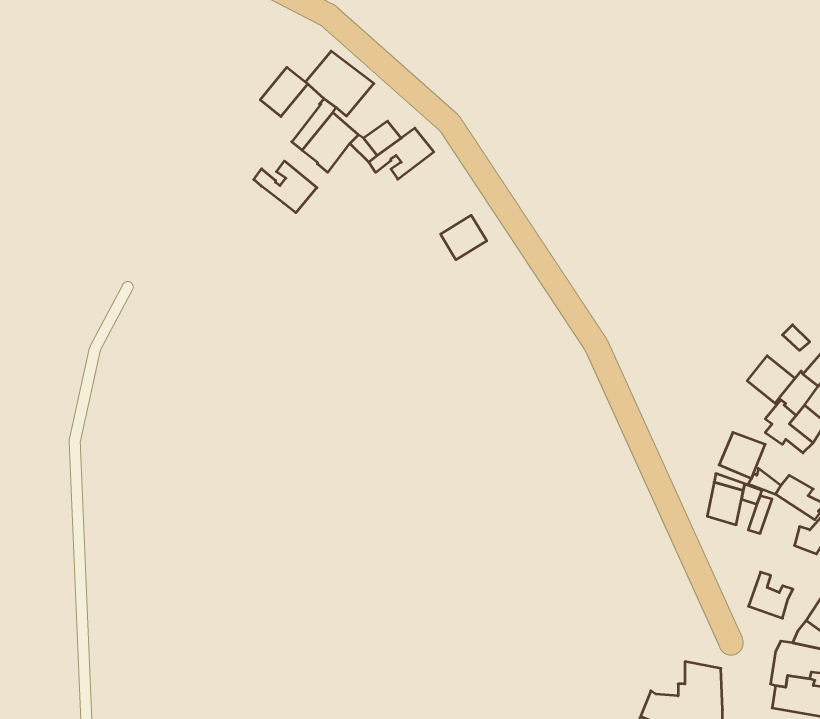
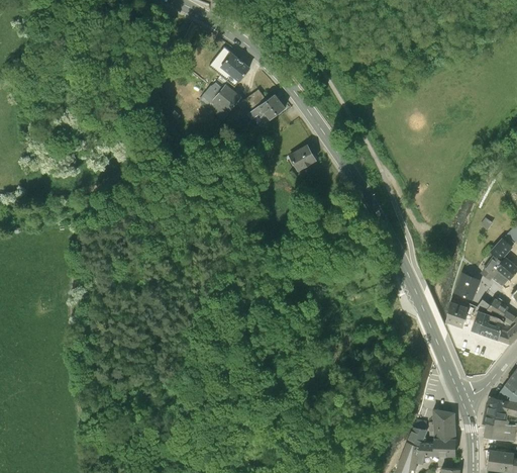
building: [260,67,308,117] -> none
building: [254,161,317,213] -> none
building: [747,356,795,403] -> none
building: [748,572,793,618] -> [479,313,505,341]

